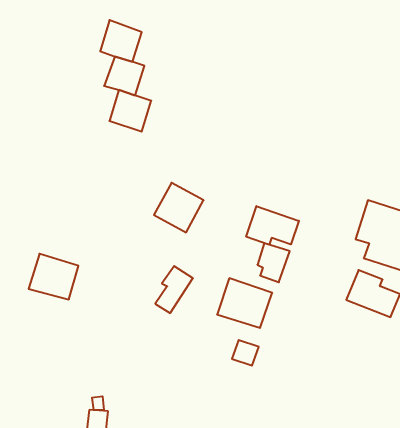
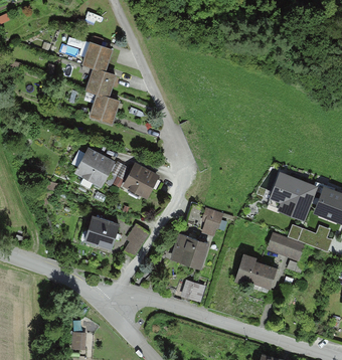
building: none -> [73,147,116,188]
building: [246,206,299,245] -> none
building: [29,254,78,299] -> [81,215,119,249]
building: none -> [232,251,280,294]

